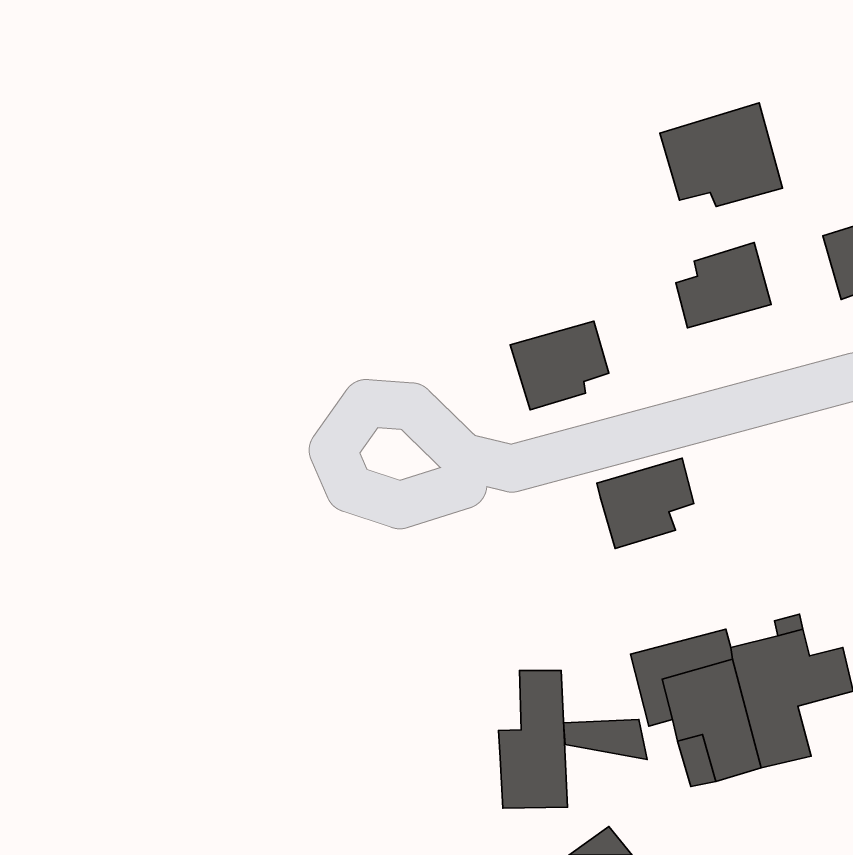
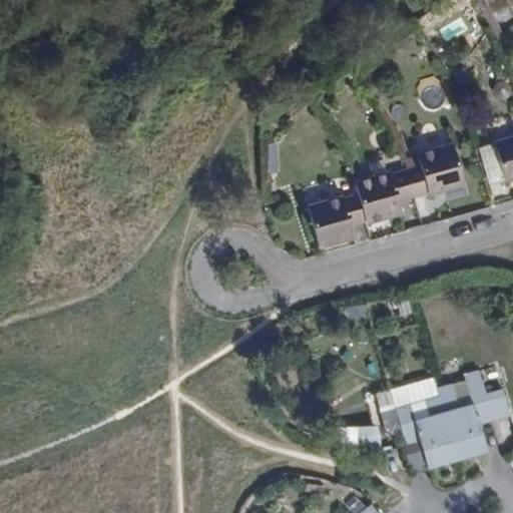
building: [660,103,782,207] -> none
building: [597,458,694,549] -> [355,169,413,223]
building: [498,670,567,808] -> none

